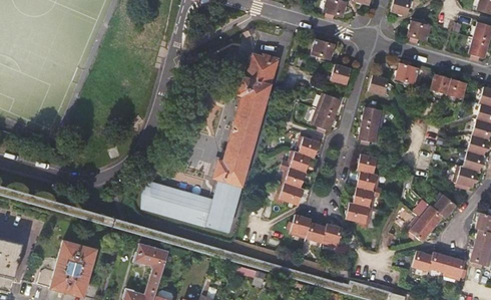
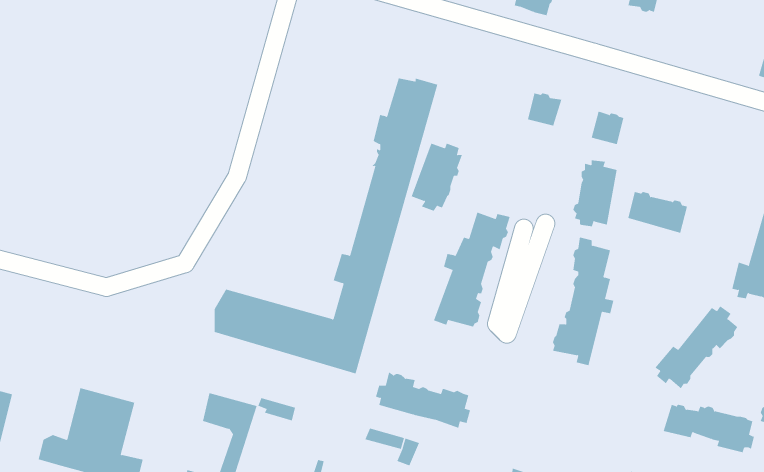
building: [407,18,432,42] -> none
building: [311,38,336,62] -> none
building: [395,62,420,86] -> none
building: [431,74,467,99] -> [627,191,688,233]
building: [311,92,342,133] -> [411,143,463,211]
building: [288,214,345,248] -> [375,372,471,429]

